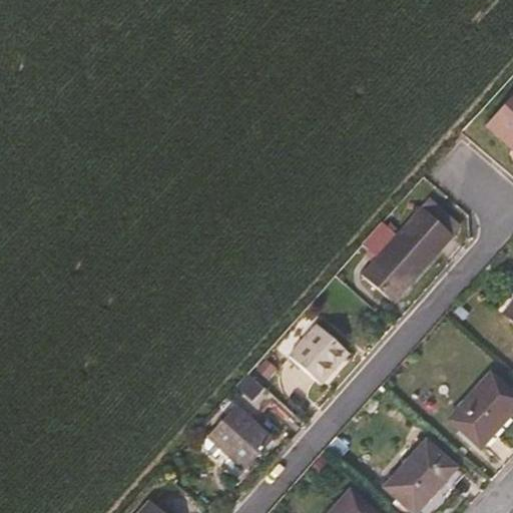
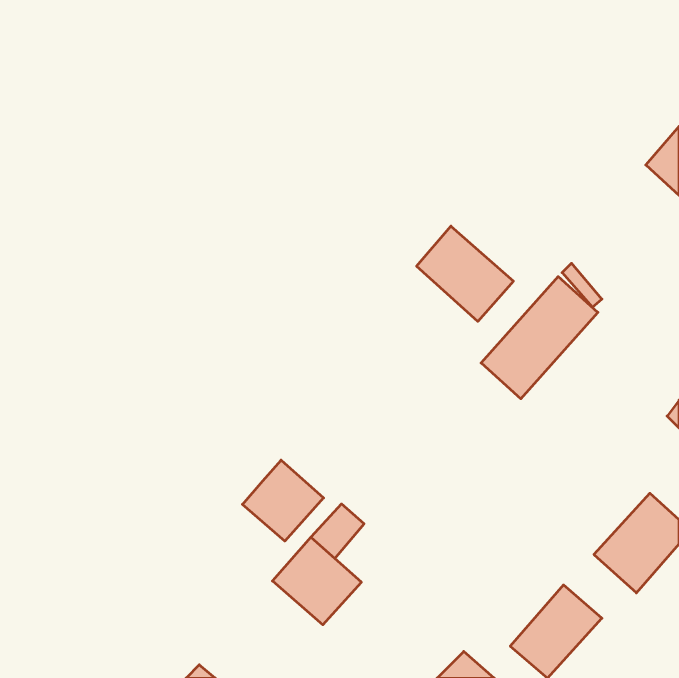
building: none -> [417,226,513,321]
building: [292,328,348,384] -> none
building: none -> [242,460,324,541]

